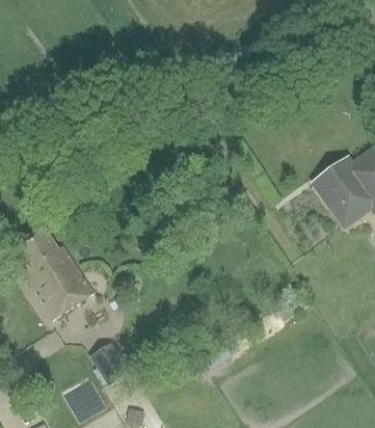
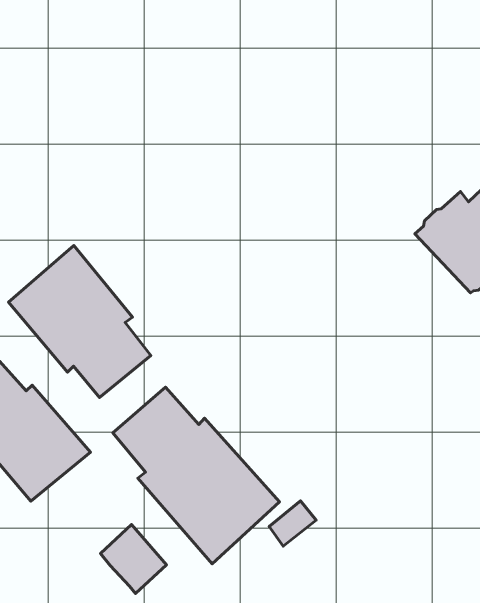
building: none -> [9,245,151,398]
building: none -> [113,387,279,564]

